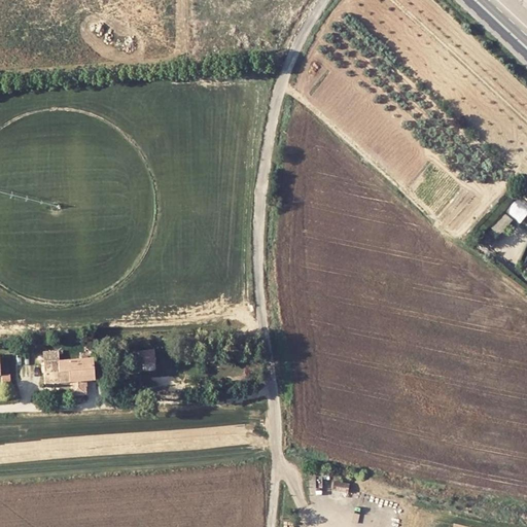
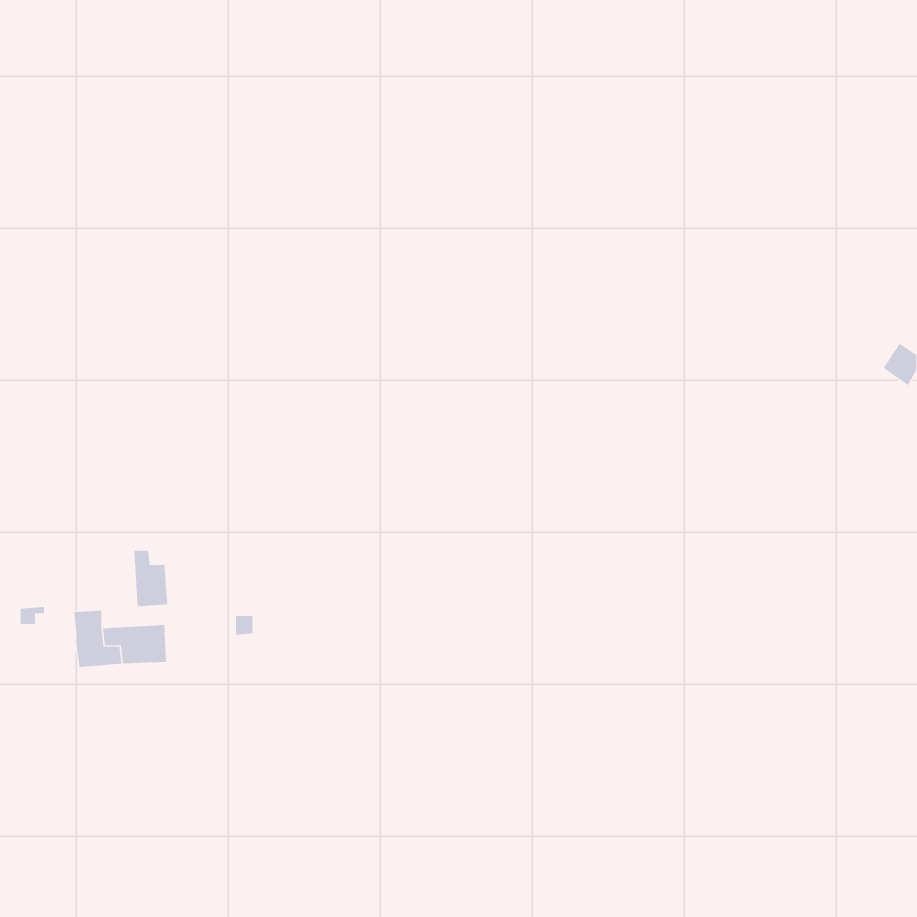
building: none -> [134,550,168,607]

